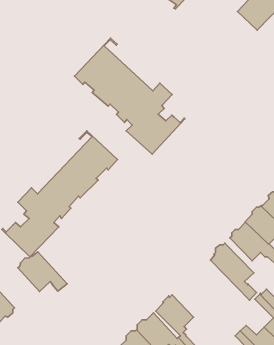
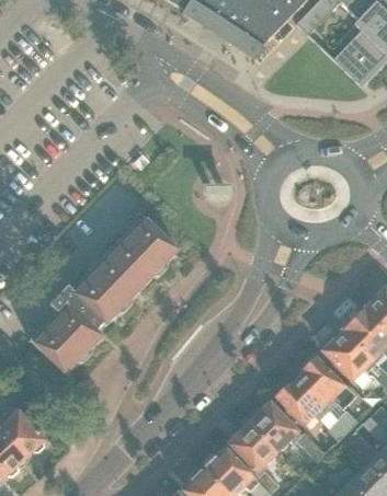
building: [75,38,185,154] -> none
building: [18,252,67,292] -> none
building: none -> [275,379,348,440]
building: none -> [248,403,325,462]

